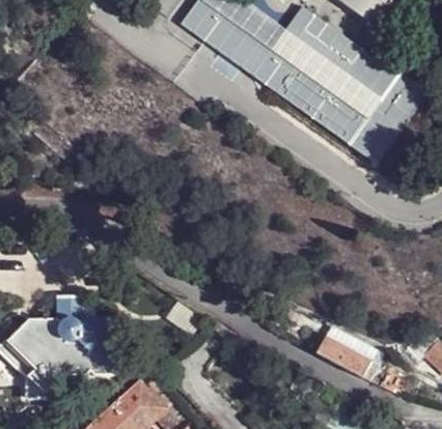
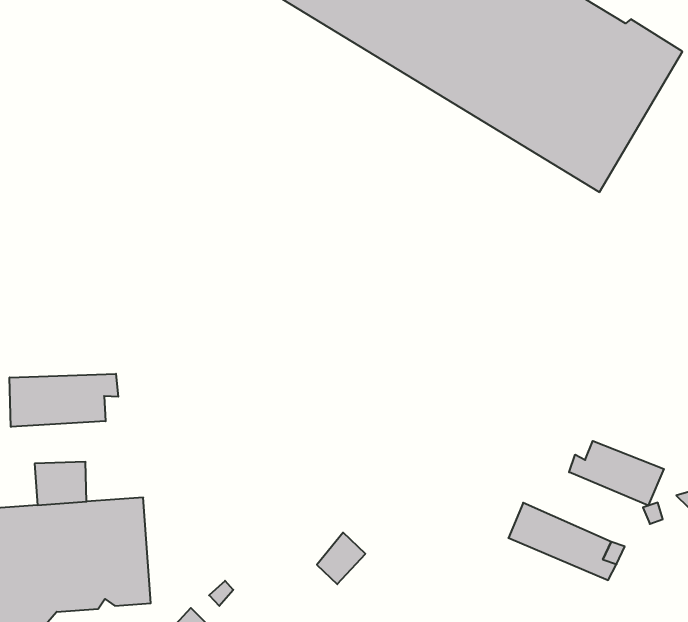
building: none -> [10,374,118,427]
building: none -> [569,441,664,506]

